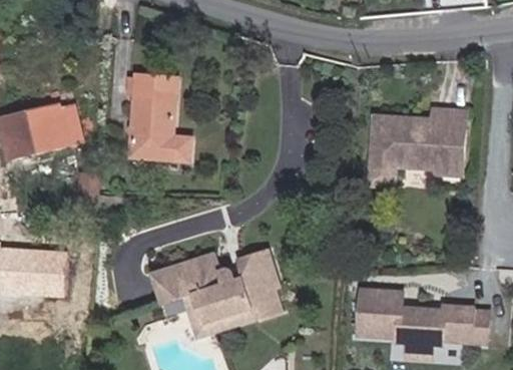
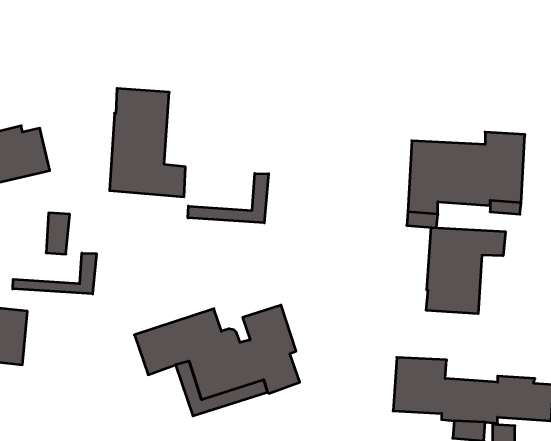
building: none -> [188,173,269,223]
building: none -> [426,228,505,314]
building: none -> [13,253,96,294]

